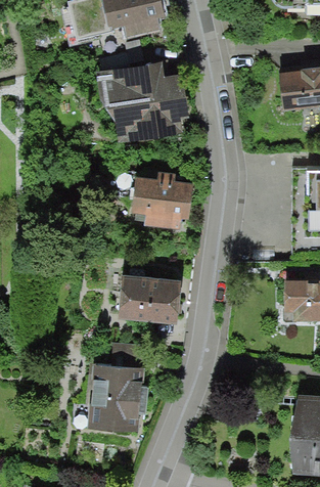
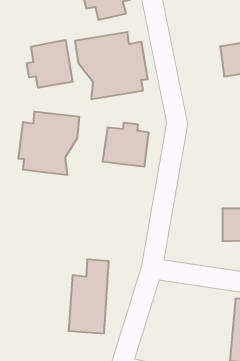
building: none -> [27,40,72,88]
building: none -> [19,111,79,175]
building: [119,272,186,323] -> none

